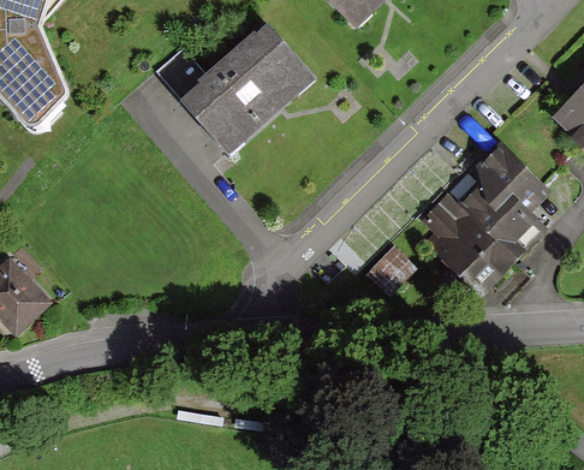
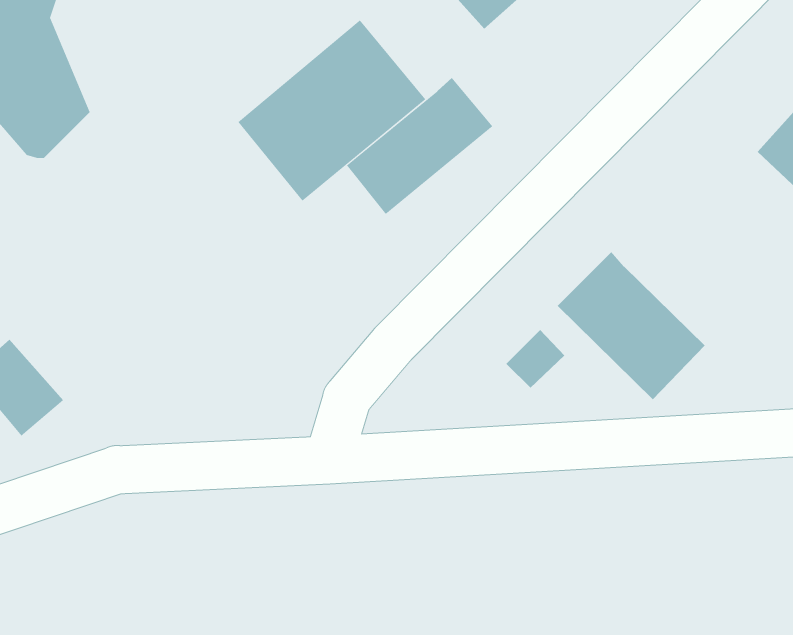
building: none -> [346,77,493,215]
building: [457,144,549,258] -> none

